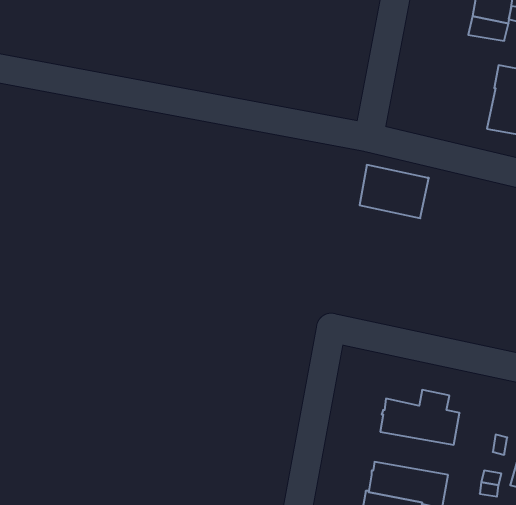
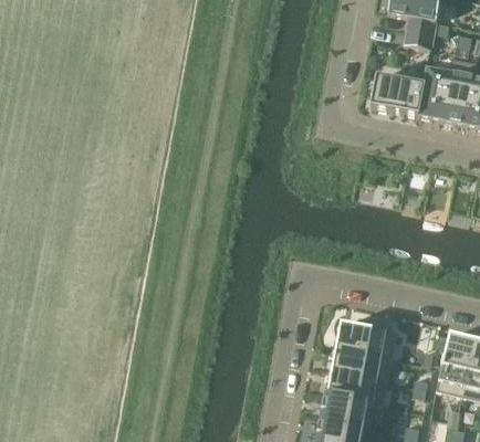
building: [360,165,429,218] -> [372,74,425,115]
building: none -> [332,347,393,380]

